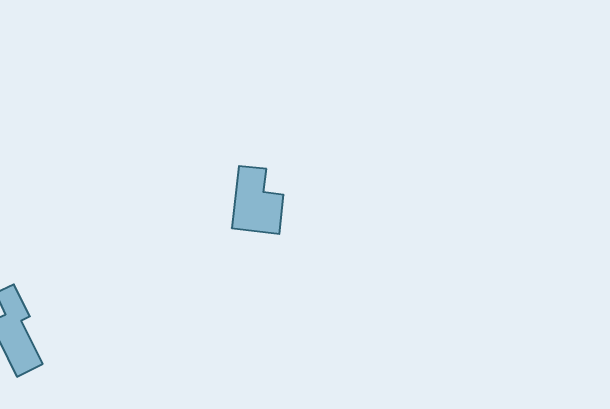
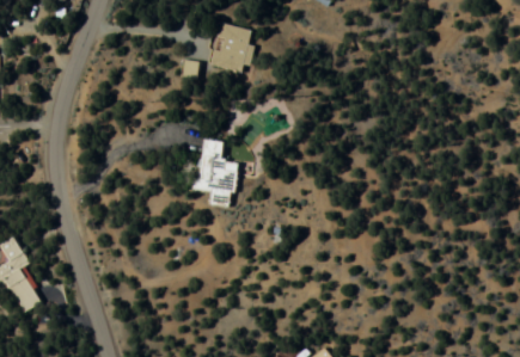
building: none -> [209,23,255,73]

